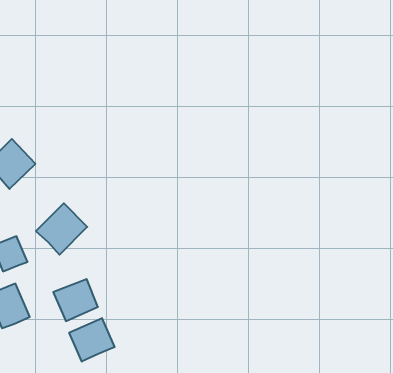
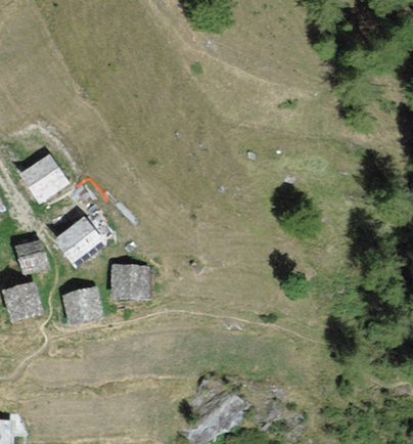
building: none -> [113,264,147,294]
building: [69,318,115,362] -> none

